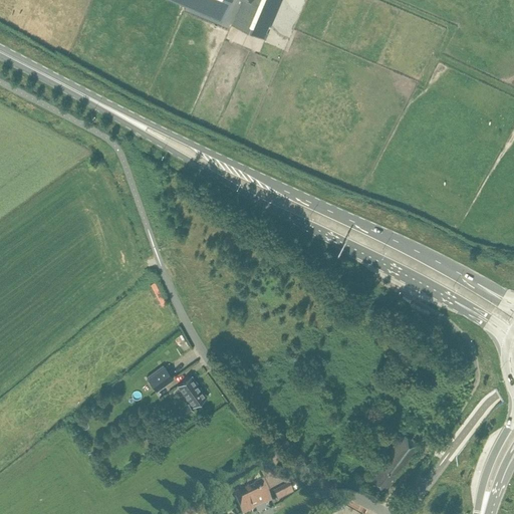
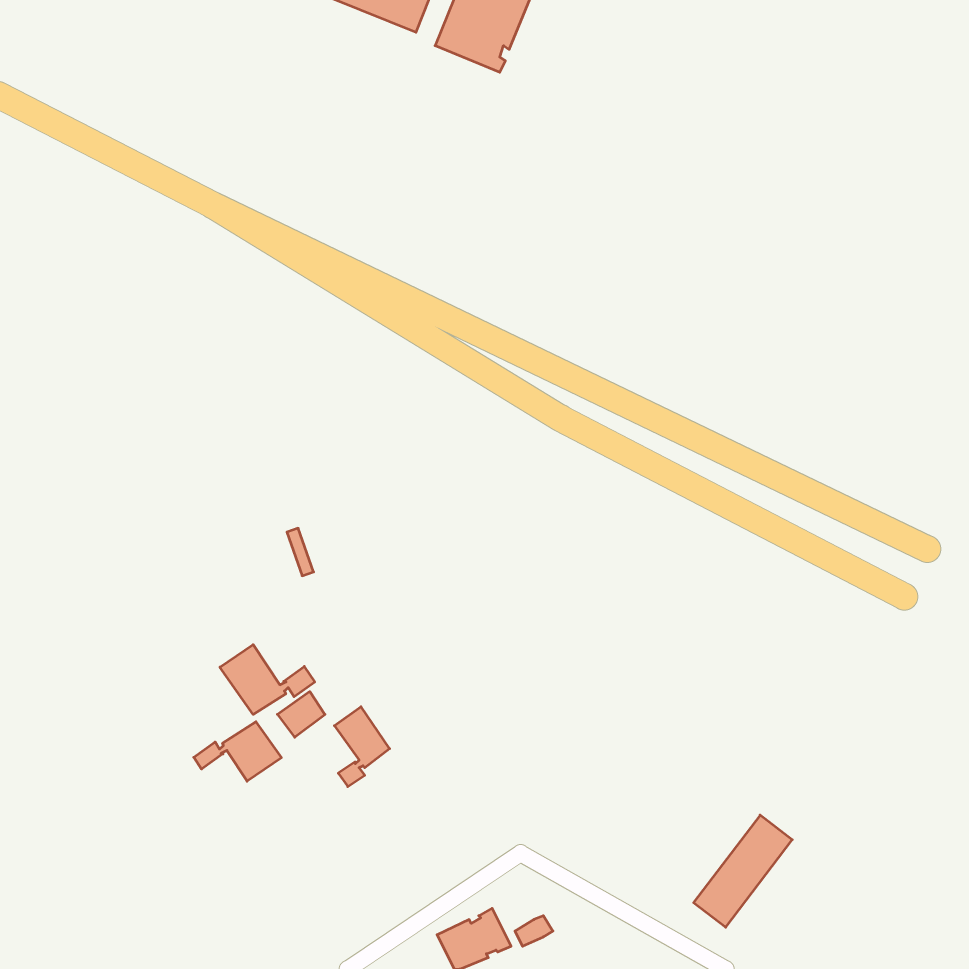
building: none -> [220,645,315,714]
building: none -> [194,722,281,781]

